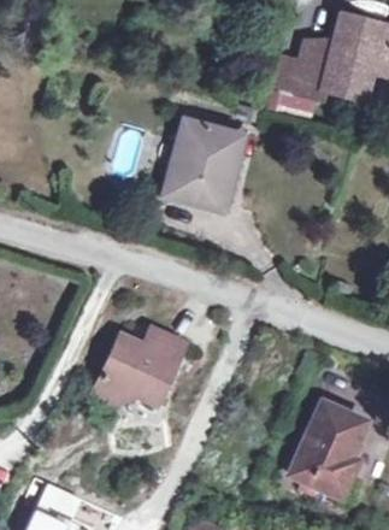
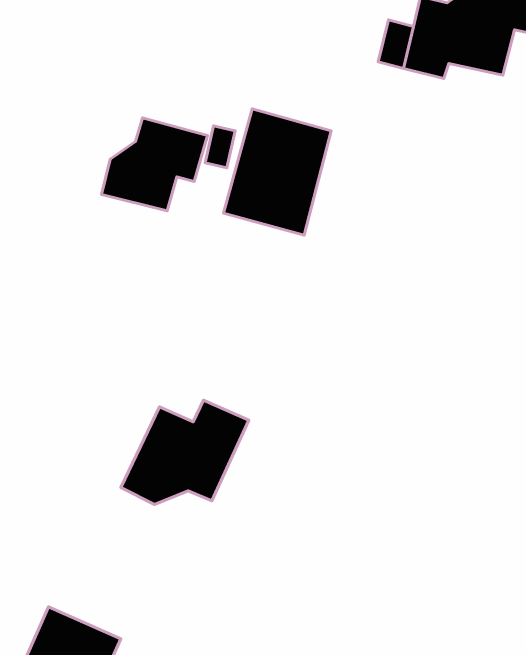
building: none -> [102,118,207,211]
building: [293,402,365,495] -> none

